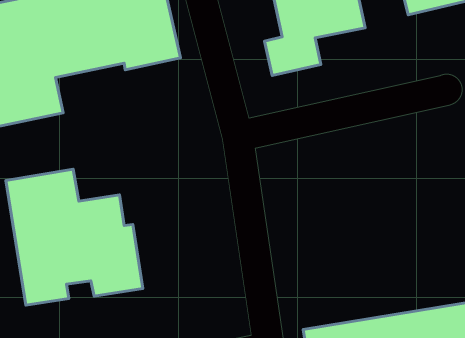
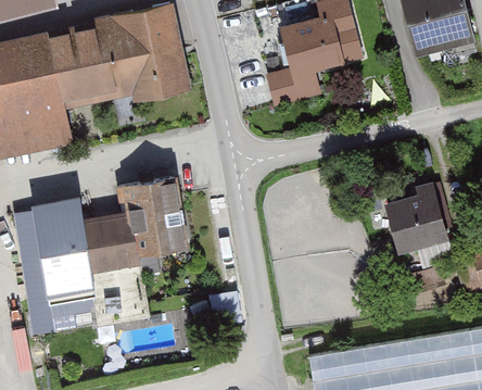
building: none -> [120,178,187,254]
building: none -> [386,185,447,249]

